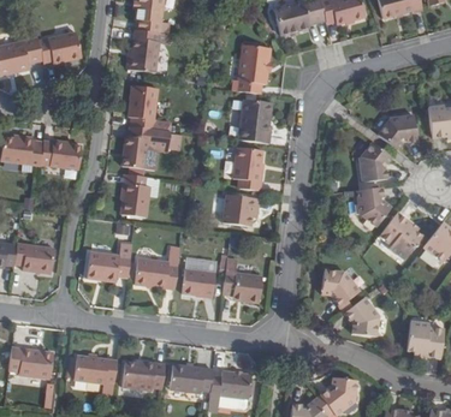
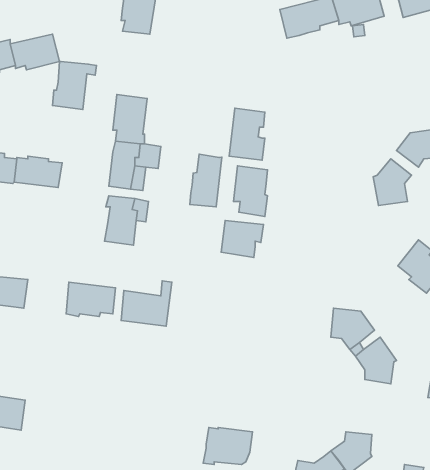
building: [129,29,167,71] -> [53,61,96,109]
building: [236,42,271,93] -> none
building: none -> [190,154,222,207]
building: [355,185,388,225] -> none
building: [222,262,263,302] -> none
building: [182,268,214,296] -> none
building: [72,356,115,398] -> none
building: [119,363,164,392] -> none
building: [167,365,213,393] -> none

